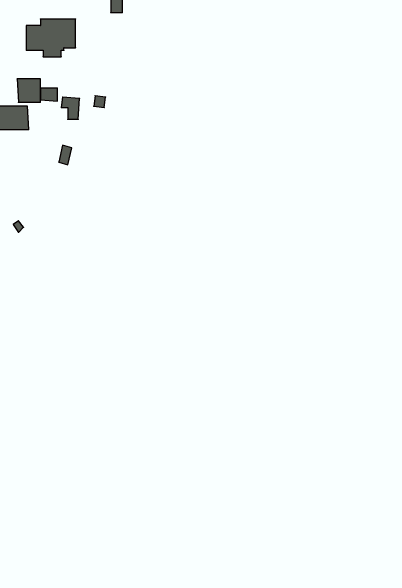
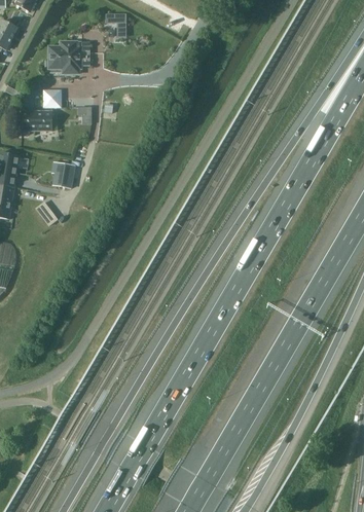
building: none -> [51,161,74,187]

